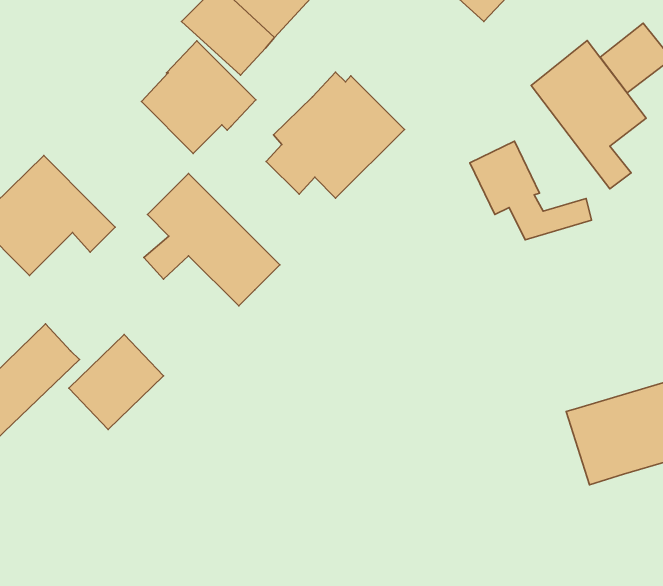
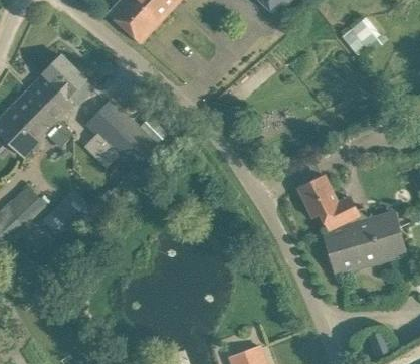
building: [531,41,646,189] -> none
building: [141,41,256,153] -> [29,55,93,119]
building: [266,72,404,198] -> none
building: [470,141,591,240] -> [298,176,367,231]

